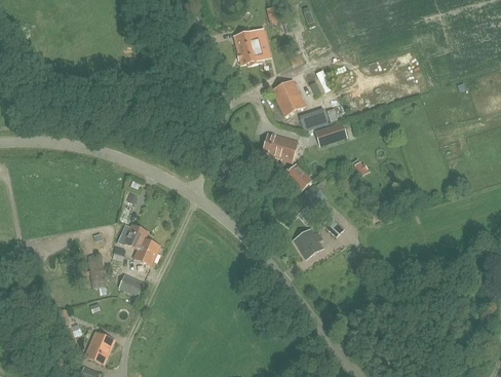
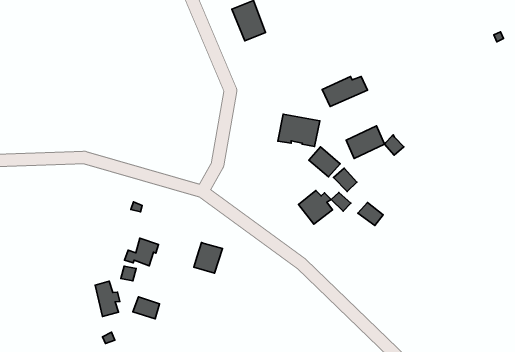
building: [272,80,305,116] -> none
building: [314,120,347,146] -> [346,126,385,158]
building: [294,229,322,258] -> [298,190,332,224]
building: [133,237,160,265] -> [194,242,223,273]

